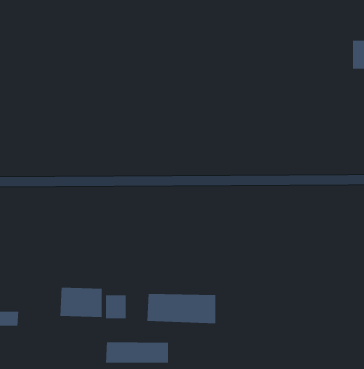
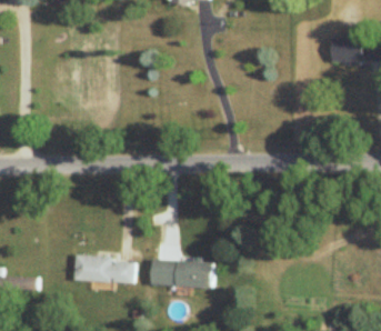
building: [105,341,169,364] -> none

